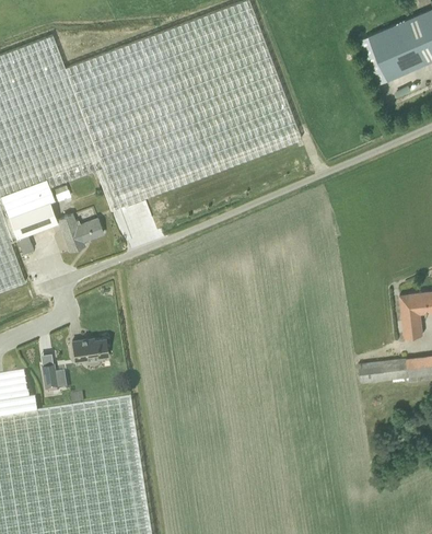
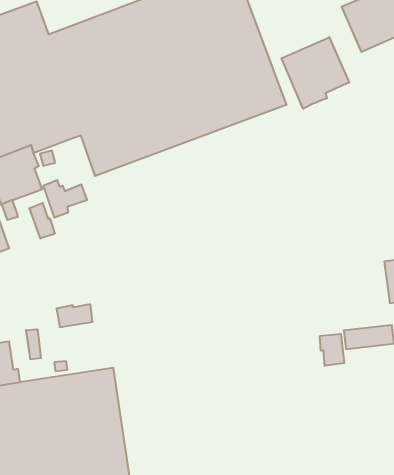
building: none -> [282,37,349,109]
building: none -> [30,203,55,239]
building: none -> [320,334,344,366]

